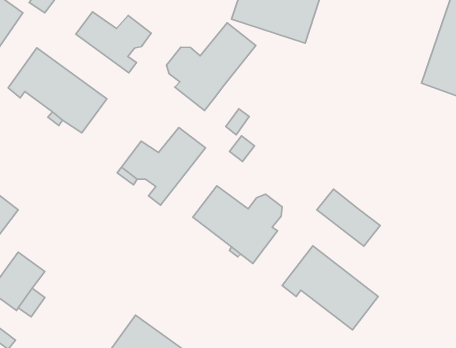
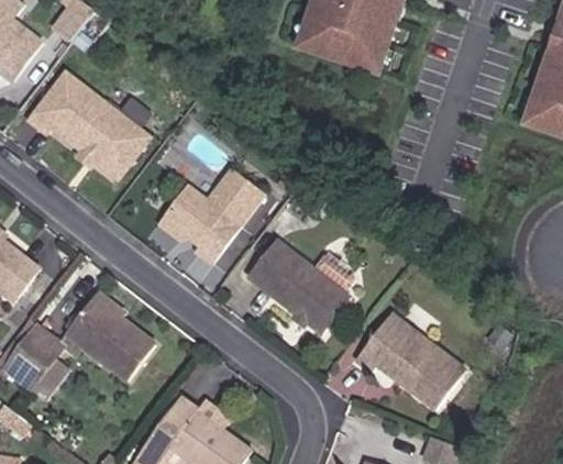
building: [76,12,151,73] -> none
building: [167,23,256,110] -> none
building: [317,189,380,246] -> none
building: none -> [65,296,153,378]

